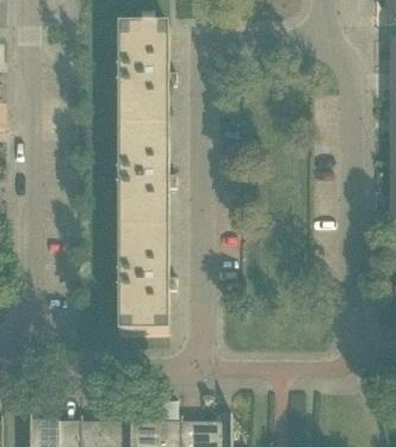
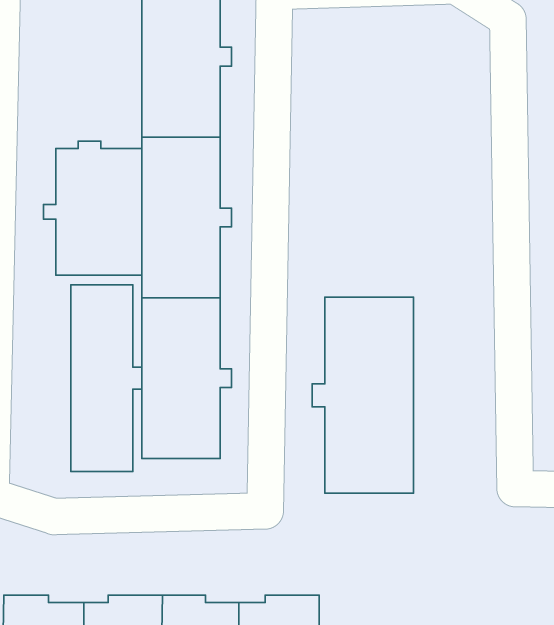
building: none -> [43,141,142,275]
building: none -> [71,285,142,471]
building: none -> [312,297,413,493]

